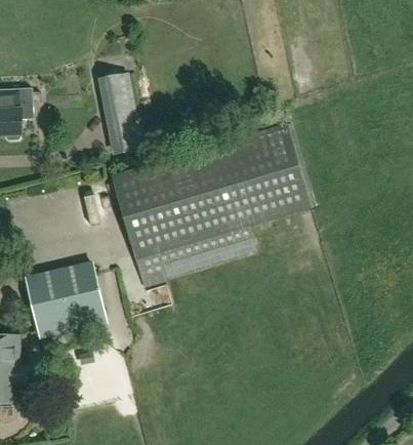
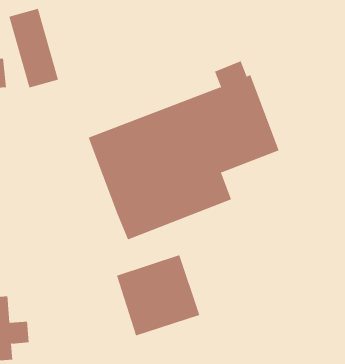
building: [95,72,142,154] -> [9,8,59,88]
building: [23,259,107,340] -> [116,255,200,336]

